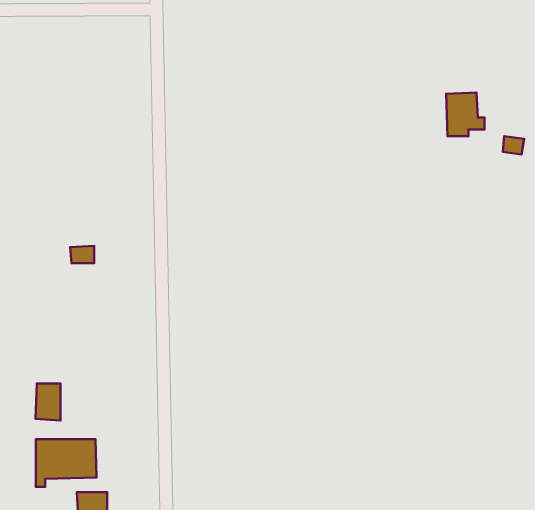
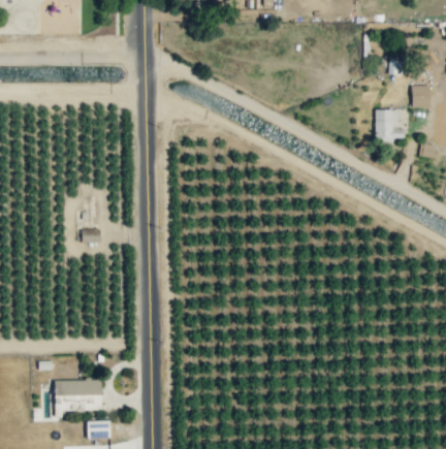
building: none -> [411,85,431,107]
building: [35,383,61,421] -> none

